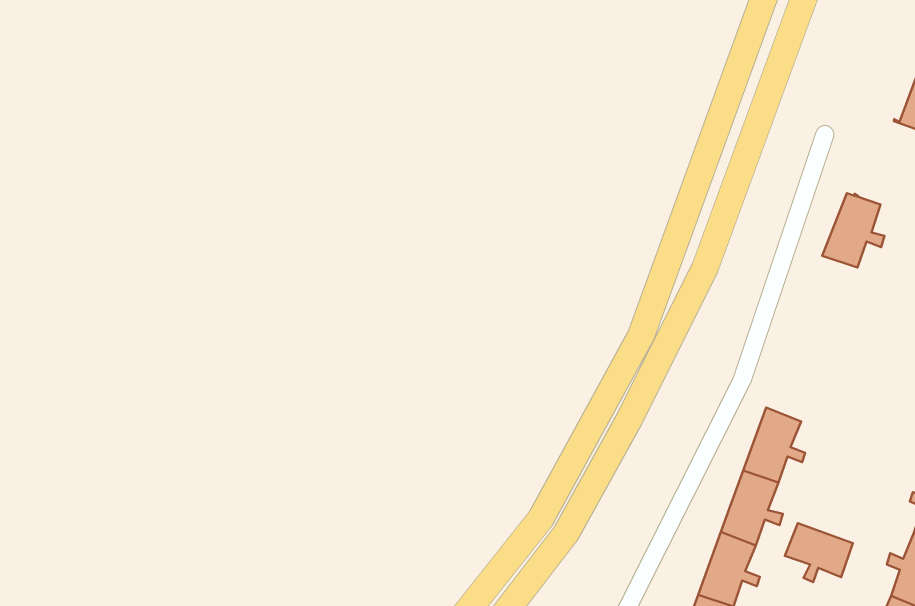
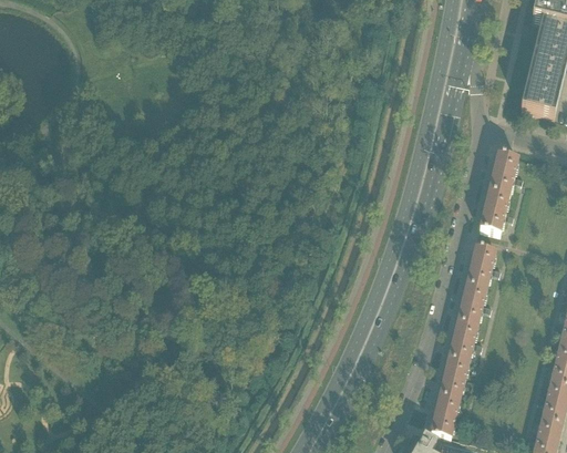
building: none -> [481,187,515,229]
building: none -> [467,240,502,284]
building: [785,523,853,582] -> none

